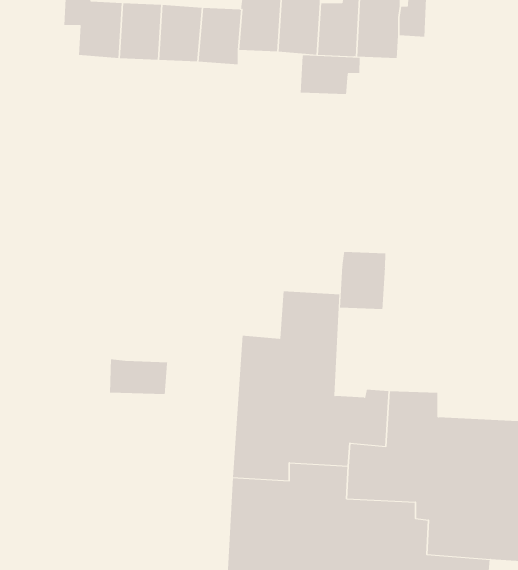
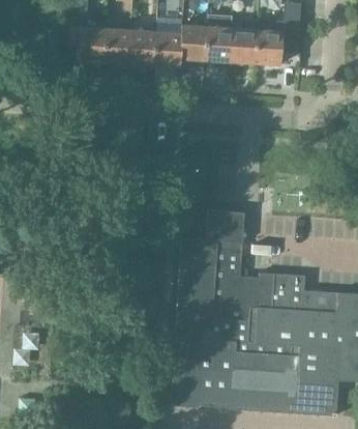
building: [300,54,360,95] -> none
building: [339,251,386,310] -> none
building: [109,359,168,395] -> none

